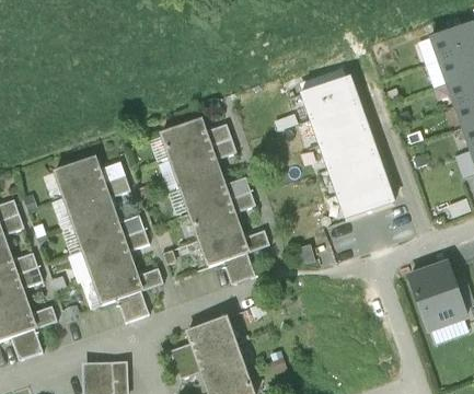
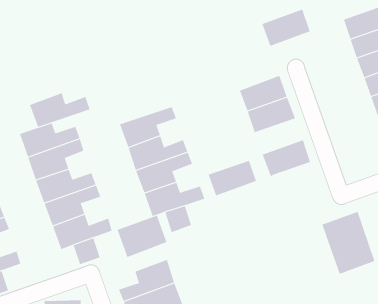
building: [300,76,357,119] -> [261,9,311,47]
building: [161,118,232,159] -> [29,92,90,127]
building: [327,152,384,194] -> [208,160,257,196]
building: none -> [117,215,167,258]

